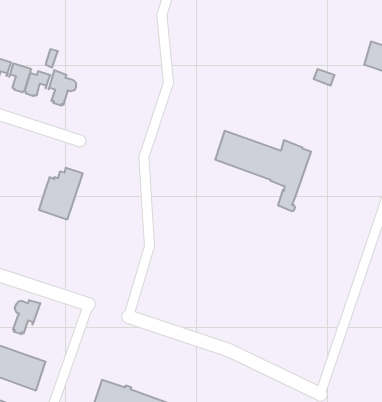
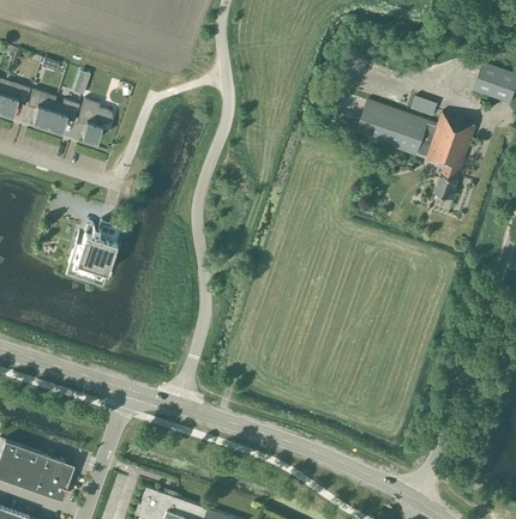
building: [215,131,311,211] -> [355,99,476,200]
building: [13,300,40,334] -> none

